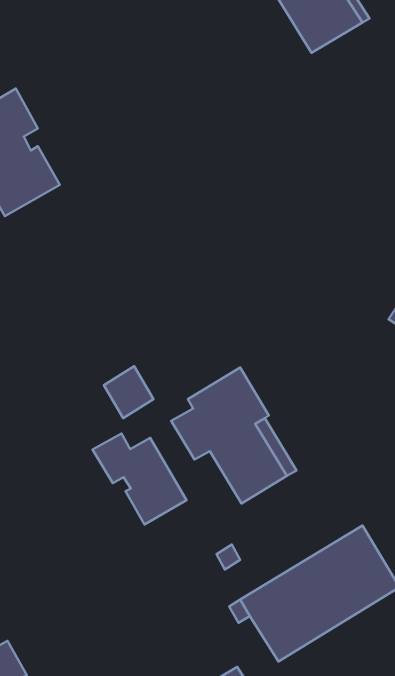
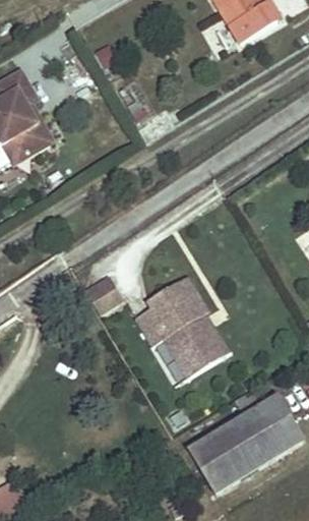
building: [93,433,187,524] -> none

